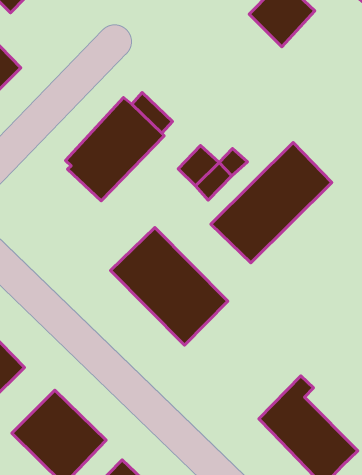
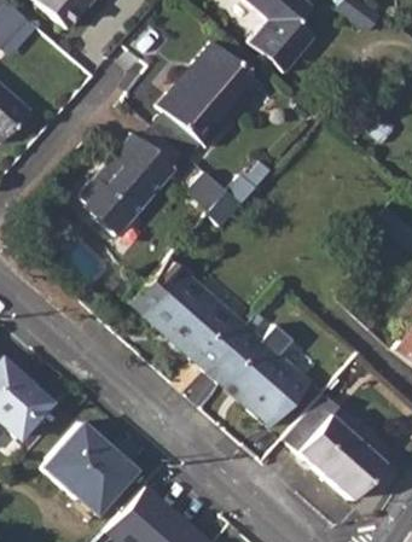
building: none -> [159,41,262,148]
building: [211,142,332,263] -> none
building: none -> [208,326,312,427]

